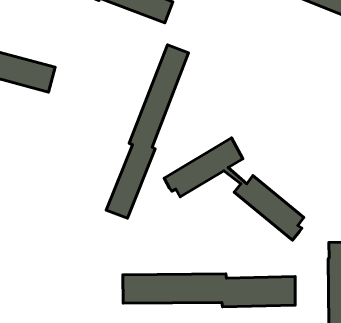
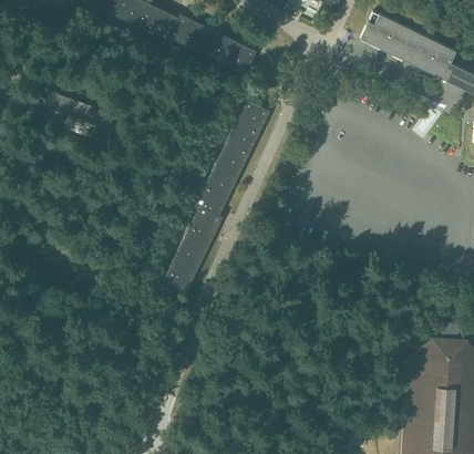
building: [164,138,304,240] -> none
building: [123,274,295,307] -> none

